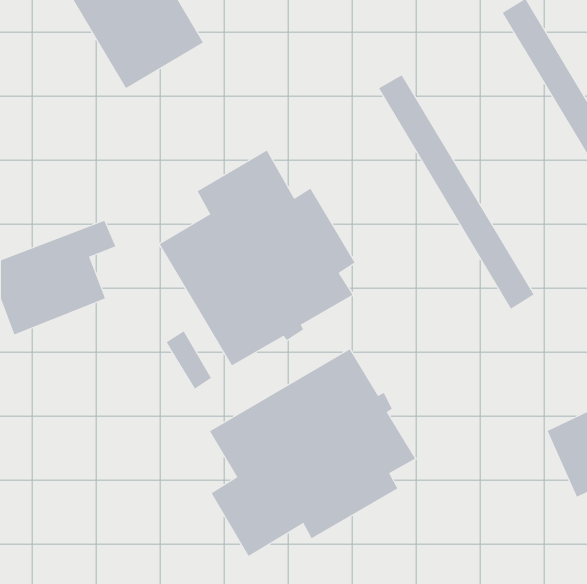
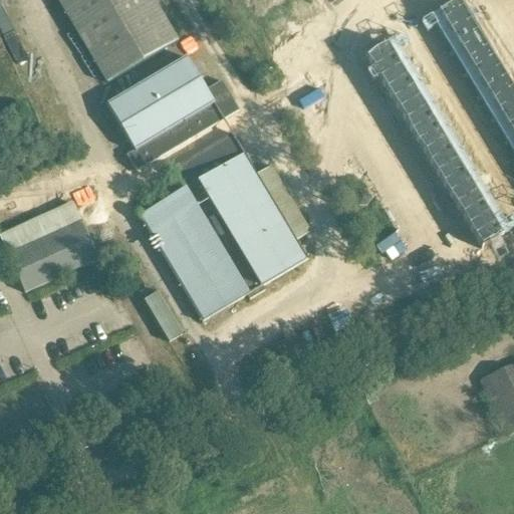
building: none -> [107,53,240,170]
building: [378,74,535,309] -> [366,42,503,247]
building: [209,348,416,557] -> none

